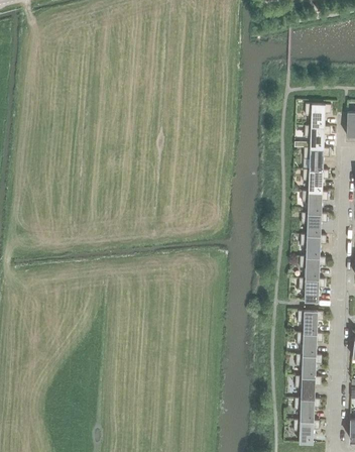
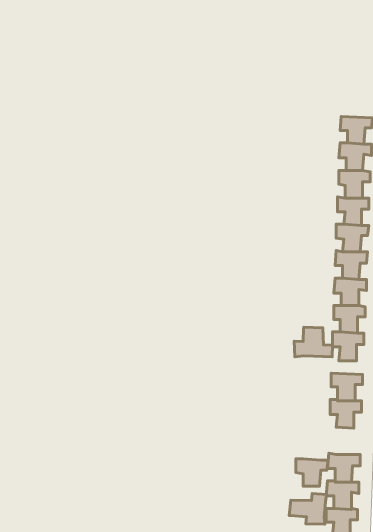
building: none -> [294,327,333,357]
building: [295,354,322,376] -> [296,459,328,486]
building: none -> [289,493,326,524]

